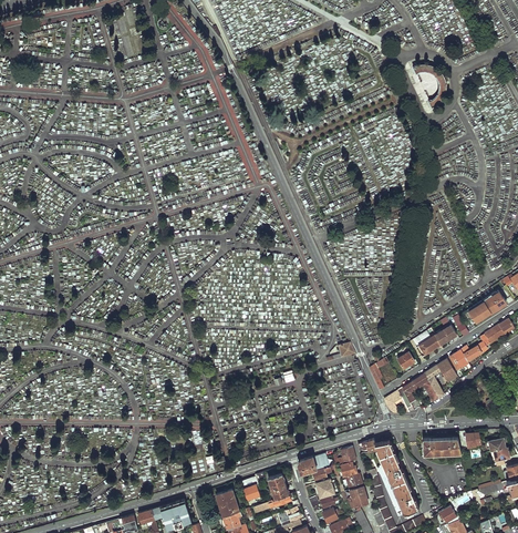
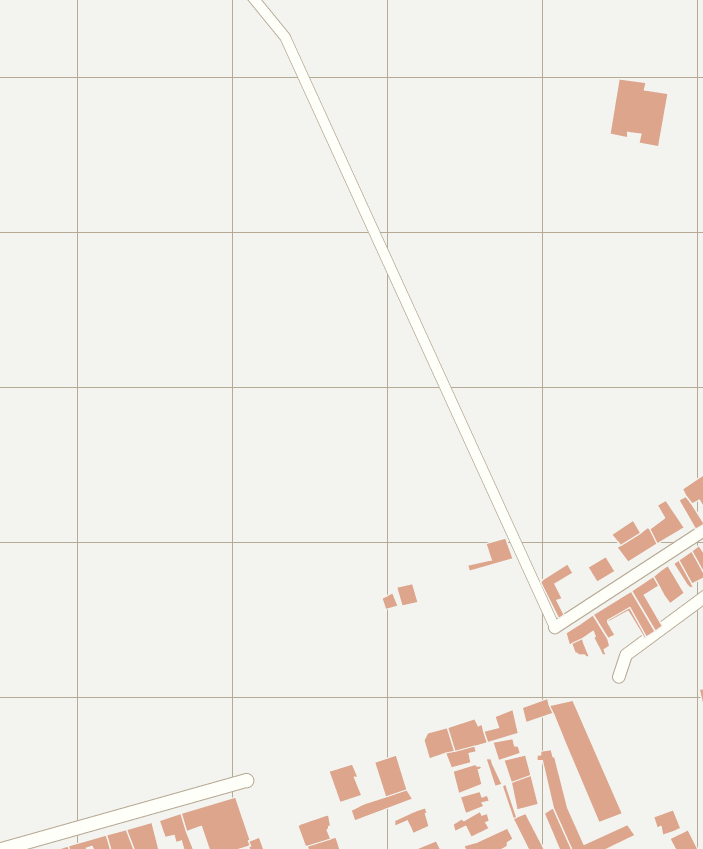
building: [423,438,462,455] -> none
building: [215,488,239,516] -> none

